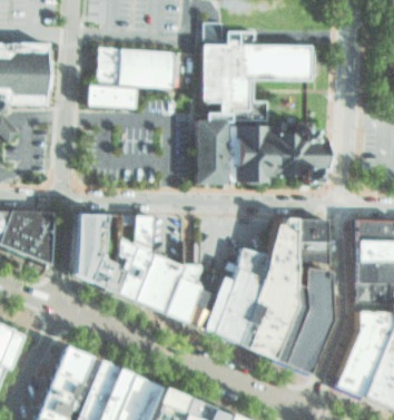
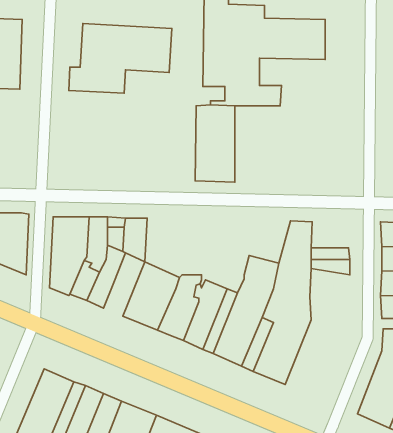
building: [232,119,328,183] -> none
building: [297,219,329,242] -> none
building: [118,246,154,301] -> none
building: [275,267,334,374] -> none

